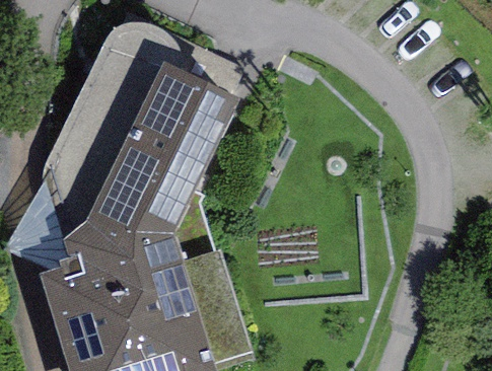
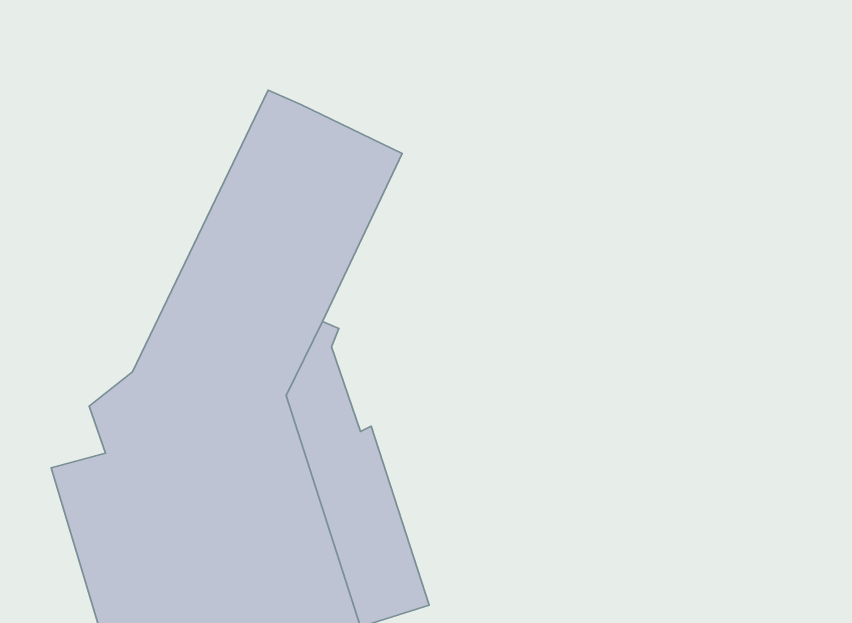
building: [40,21,182,237] -> none

